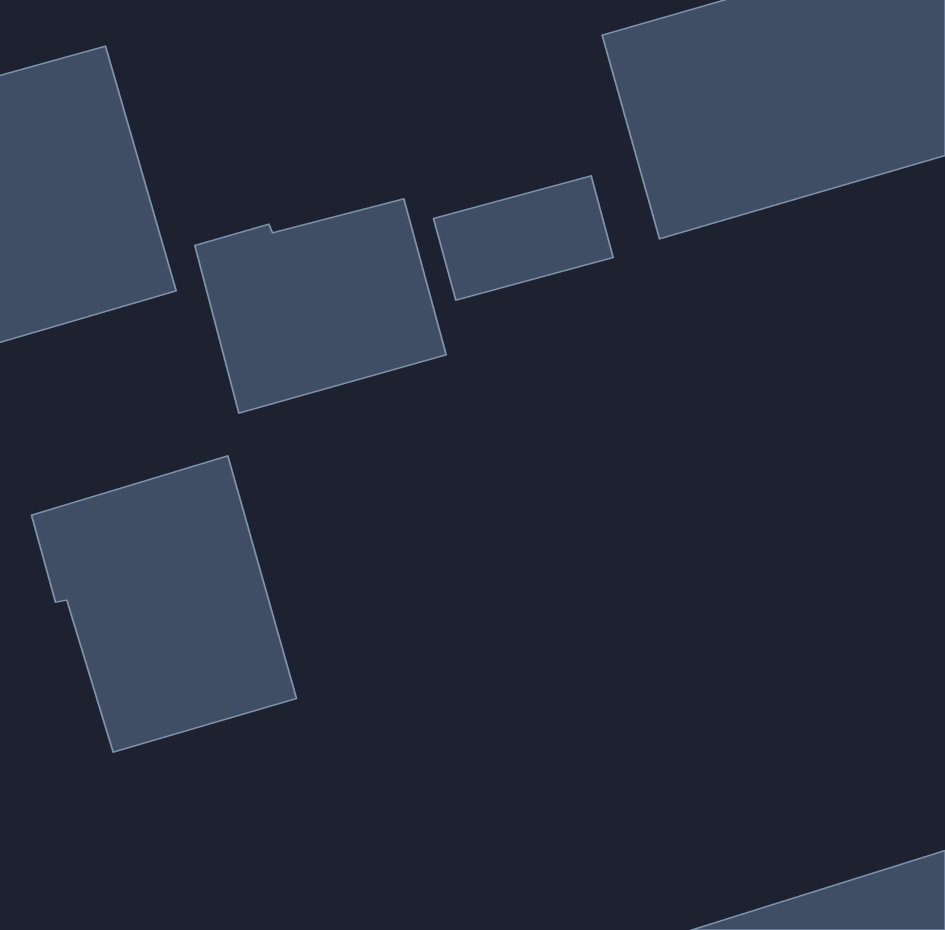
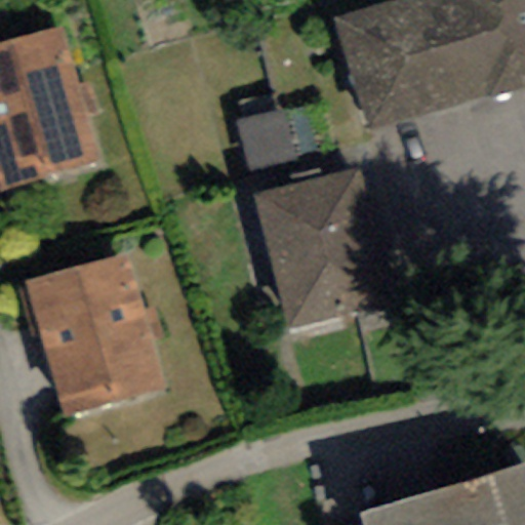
building: [195,199,446,413] -> none
building: none -> [256,167,386,325]

